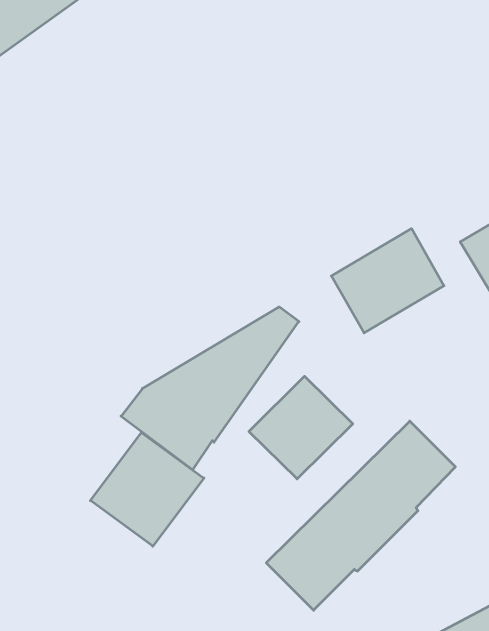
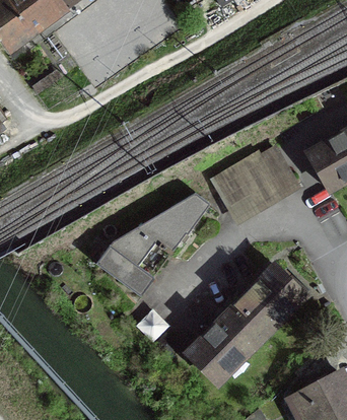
building: [249,376,353,479] -> none
building: [90,432,204,546] -> none

